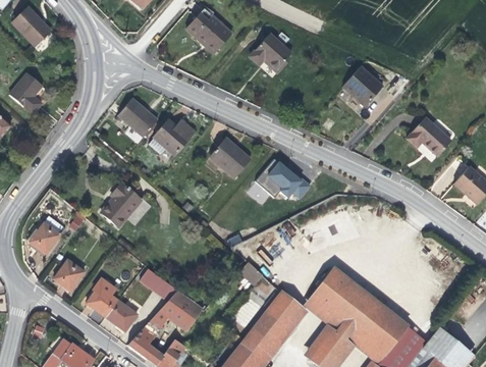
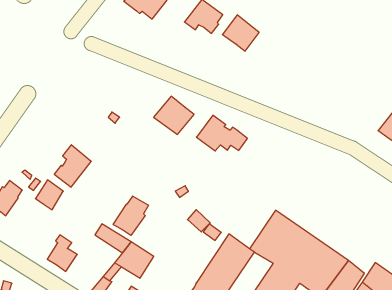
building: [339,67,379,107] -> [222,15,259,51]
building: [118,99,157,138] -> none
building: [156,117,194,154] -> none
building: [406,118,450,155] -> none
building: none -> [113,196,148,235]
building: [52,259,83,292] -> [35,180,63,210]
building: [105,301,137,331] -> none

